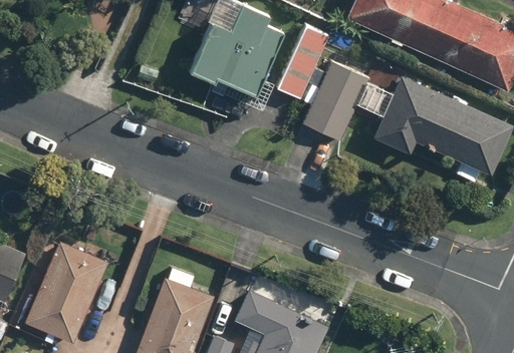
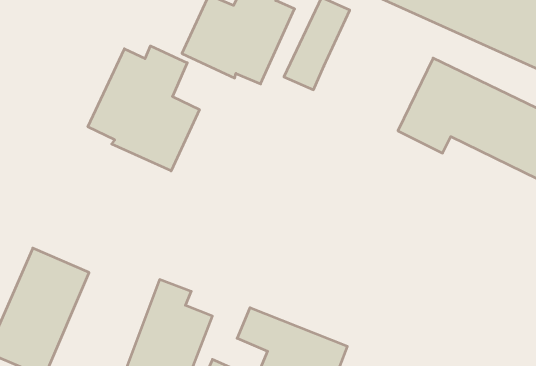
building: [299,59,370,143] -> none
building: none -> [88,46,199,171]

